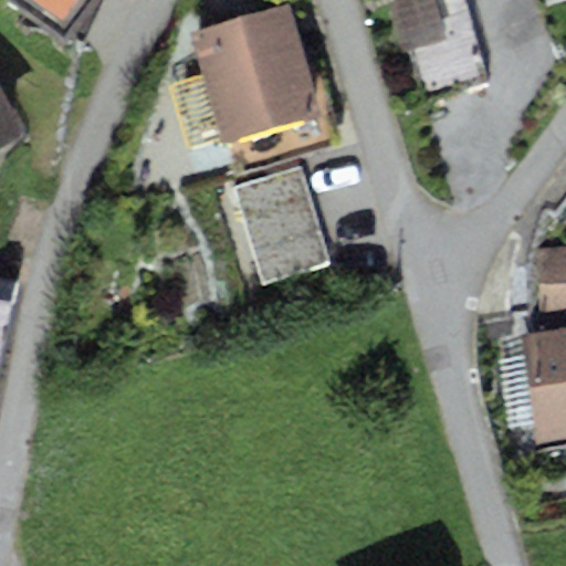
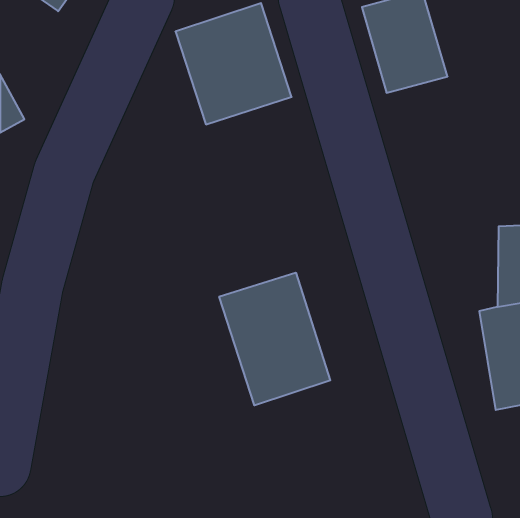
building: [229,159,335,290] -> none
building: none -> [219,273,330,405]

